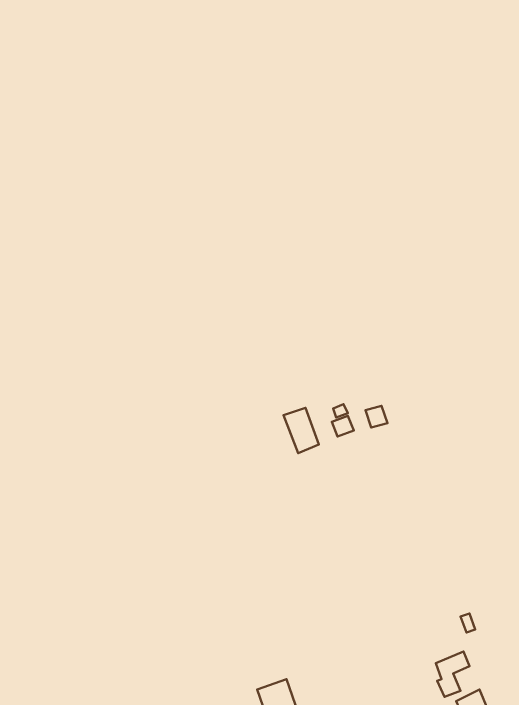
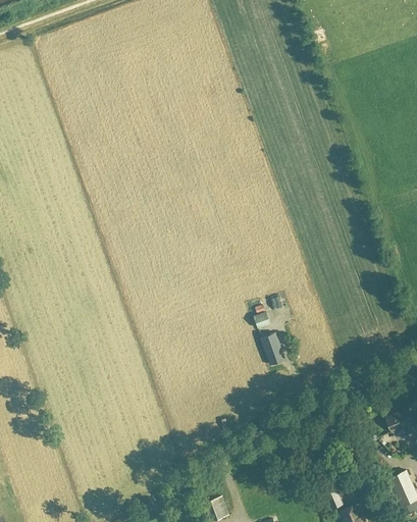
building: [284,408,319,453] -> [260,333,284,365]

